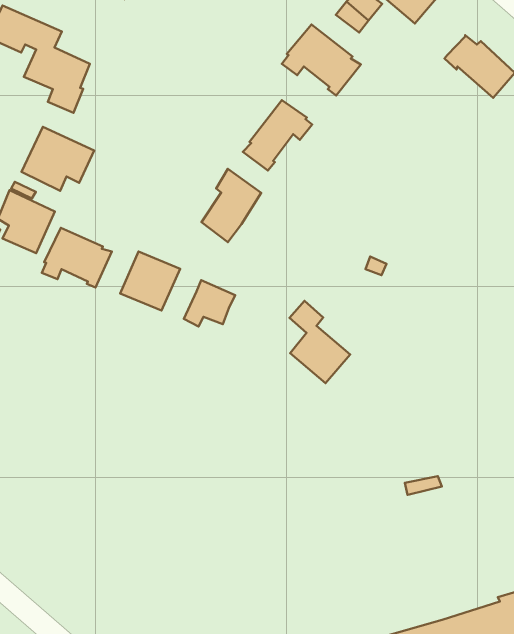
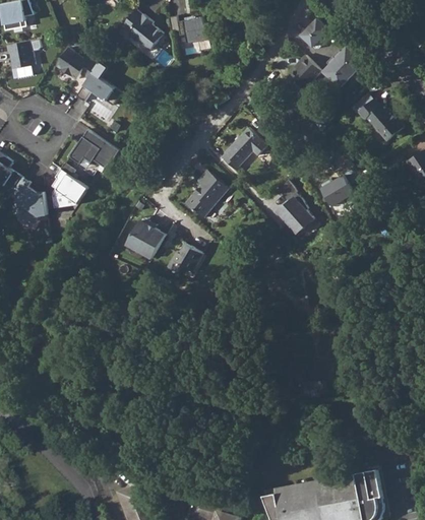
building: [282,25,361,95] -> none
building: none -> [320,170,362,206]
building: [42,228,112,287] -> none
building: [290,301,350,383] -> [275,180,314,236]

